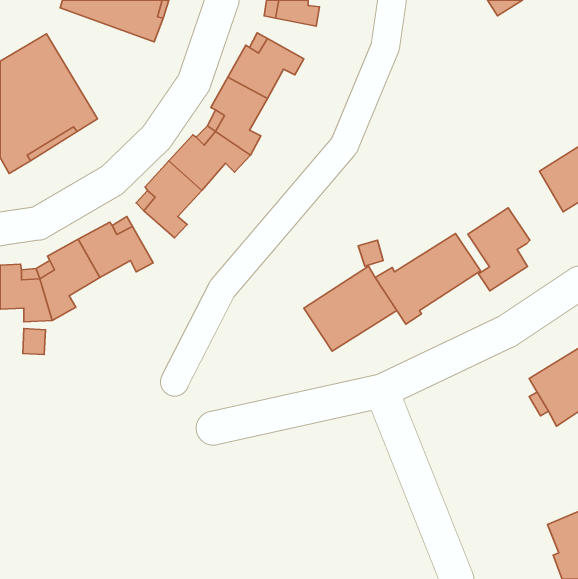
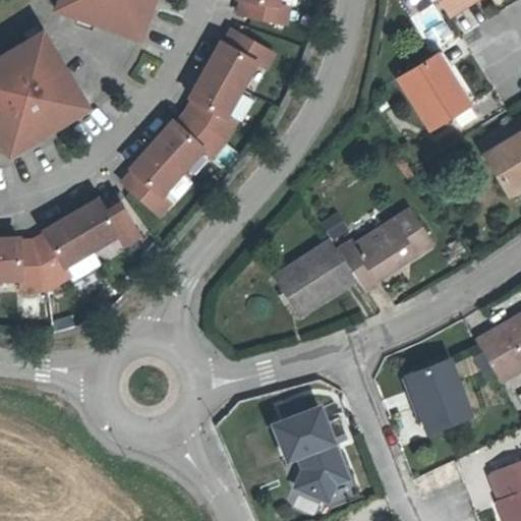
building: none -> [399,53,469,128]
building: [468,208,530,291] -> none
building: none -> [407,359,471,430]
building: none -> [270,402,352,506]

